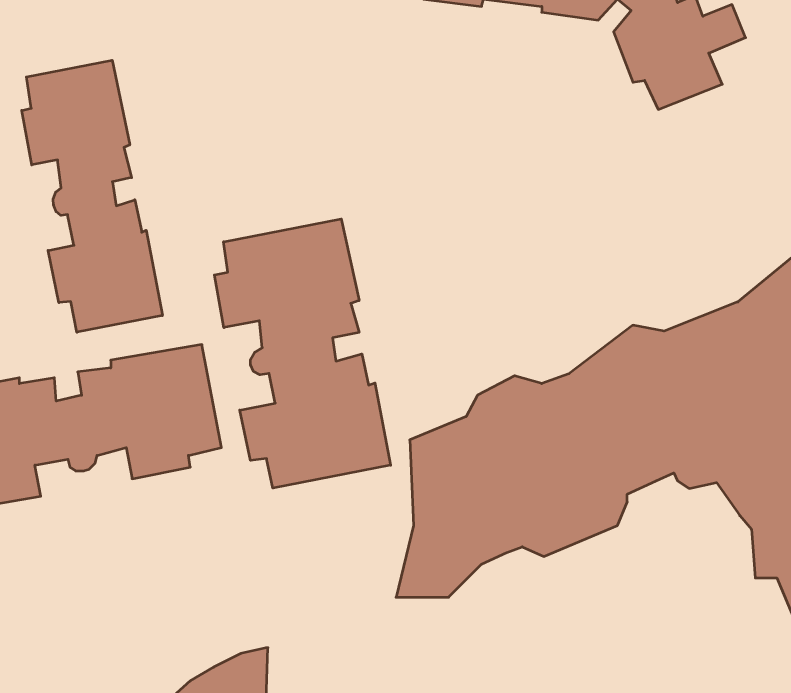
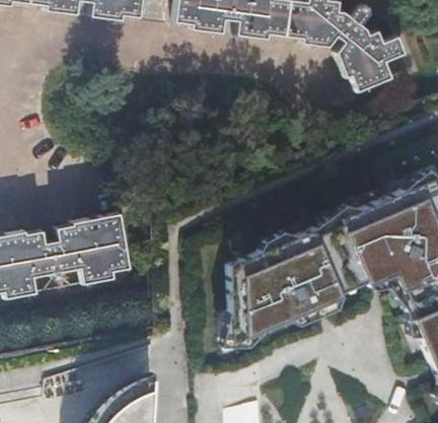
building: [22,60,162,332] -> none
building: [214,219,391,488] -> none

